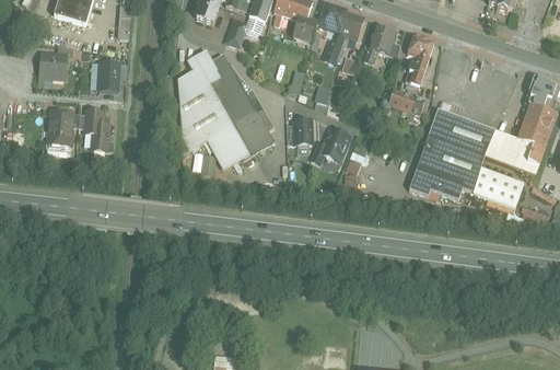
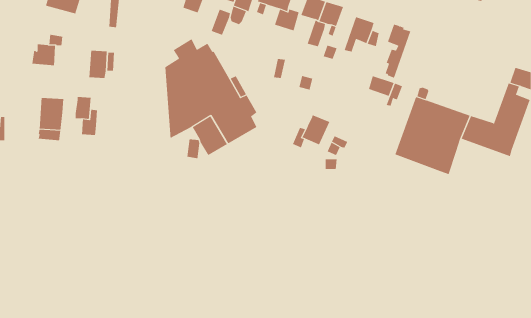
building: [293,118,312,143] -> none
building: [472,166,524,207] -> none
building: [409,170,463,199] -> none

